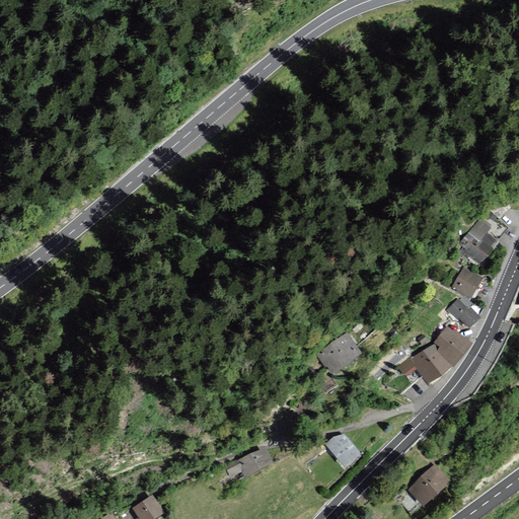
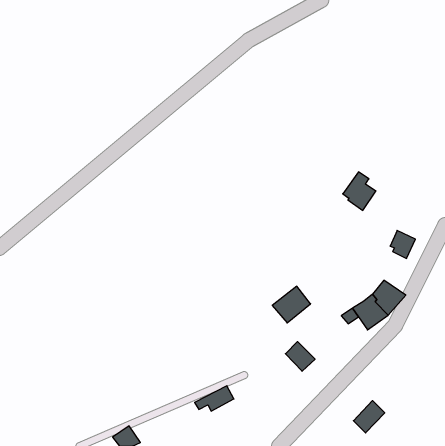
building: [459,218,498,263] -> [343,172,376,210]
building: [446,299,480,329] -> none
building: [326,434,361,468] -> [285,342,315,371]

